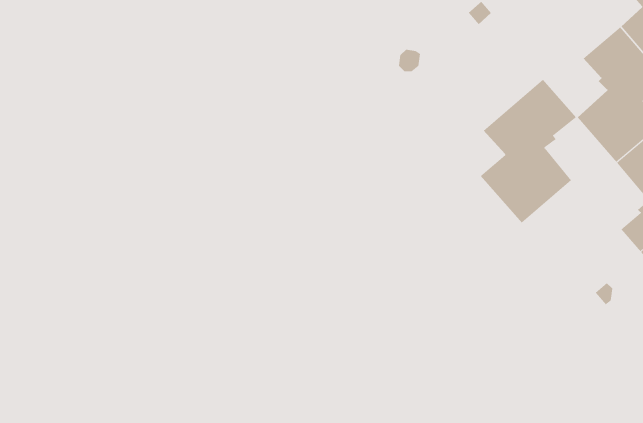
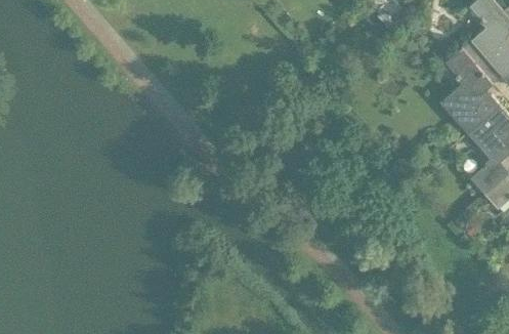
building: [480,79,577,223] -> none

